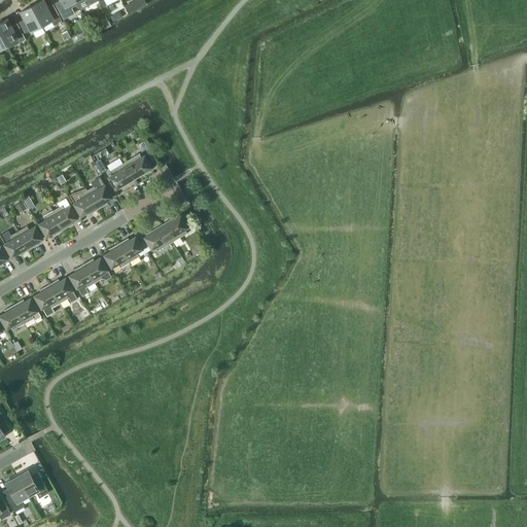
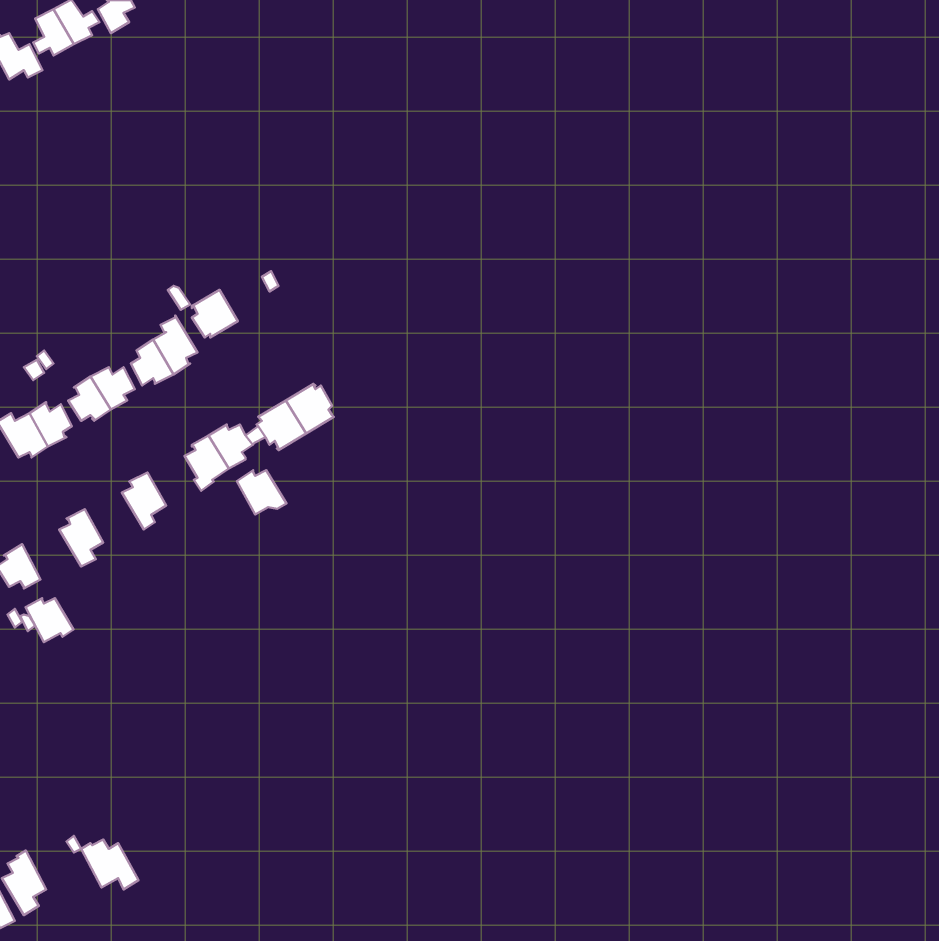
building: [122,153,149,180] -> none
building: [82,258,110,283] -> [237,470,286,514]
building: [47,279,75,304] -> none
building: [12,300,39,324] -> [25,598,73,642]
building: [14,470,46,498] -> [81,840,138,889]

